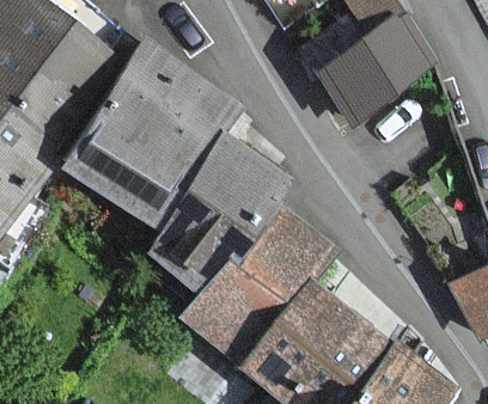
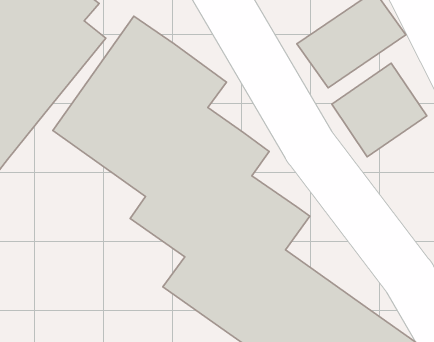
building: none -> [332,63,427,157]

